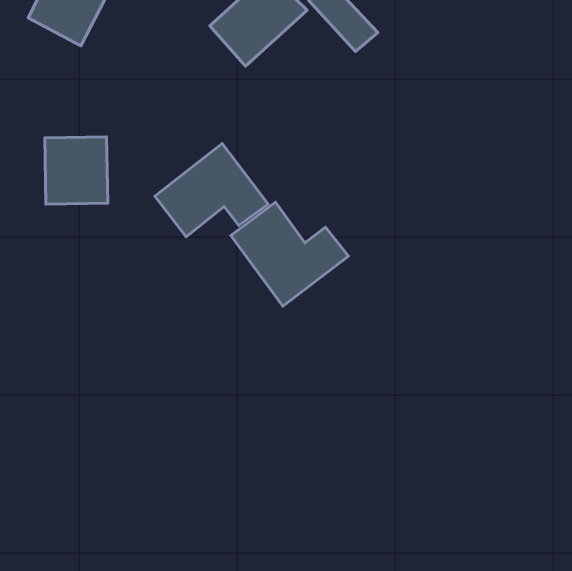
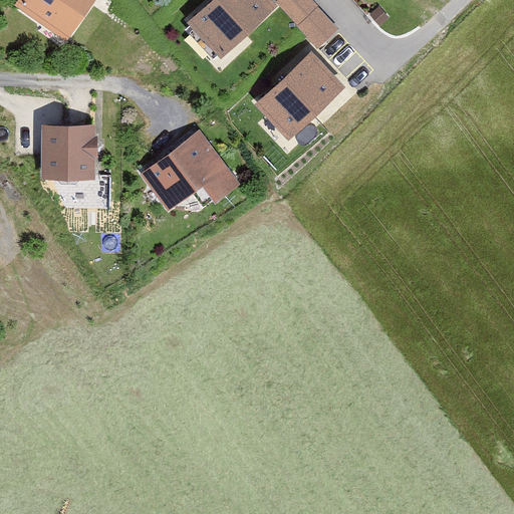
building: none -> [253,50,343,140]
building: [231,202,349,306] -> none

